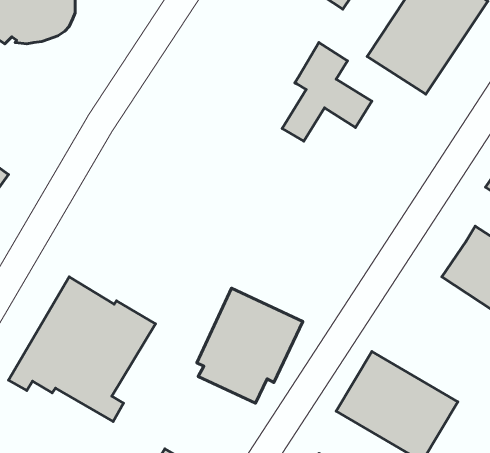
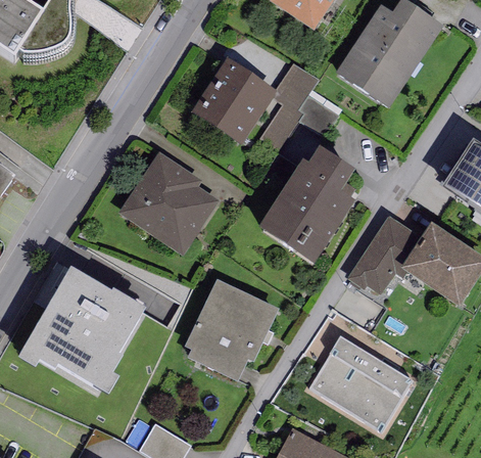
building: none -> [191,56,275,144]
building: none -> [258,147,355,267]
building: none -> [118,150,220,254]
building: none -> [347,214,423,291]

